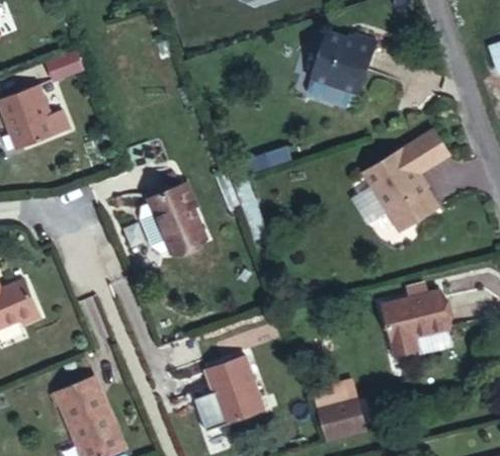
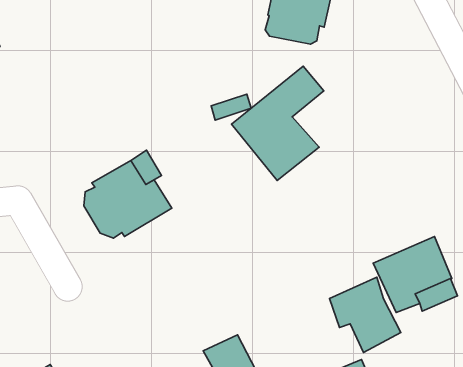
building: [362,132,448,231] -> [232,66,324,180]
building: none -> [330,277,401,352]

